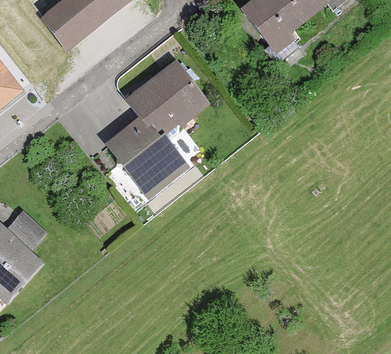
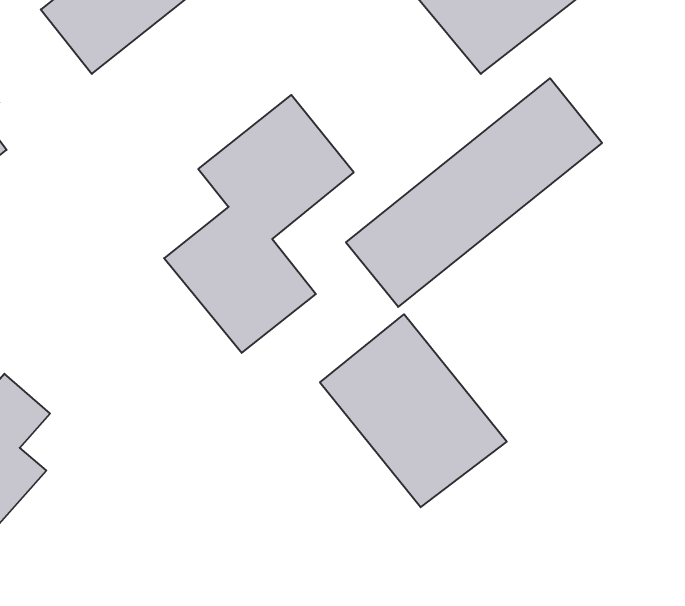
building: none -> [346,78,602,307]
building: none -> [320,314,507,507]

